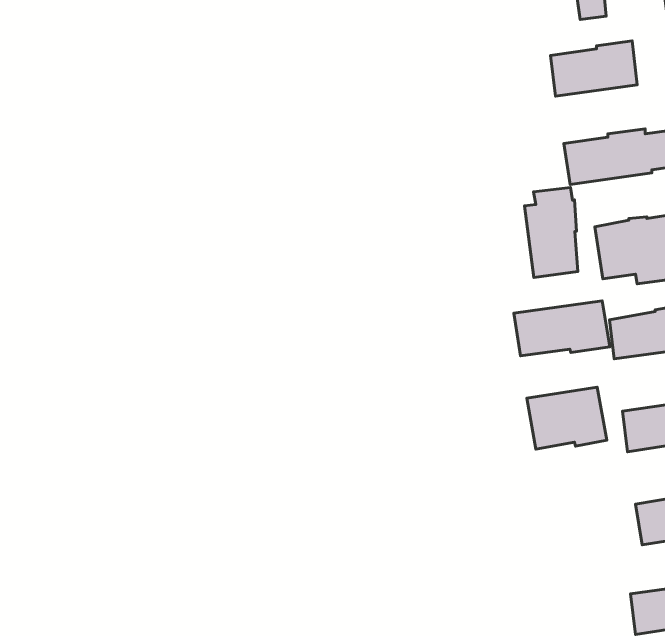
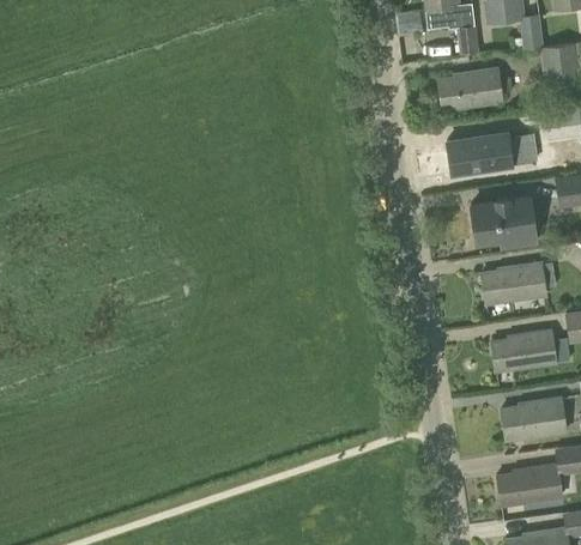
building: [525,188,578,278] -> none
building: [514,301,610,356] -> none
building: [527,387,607,449] -> none

